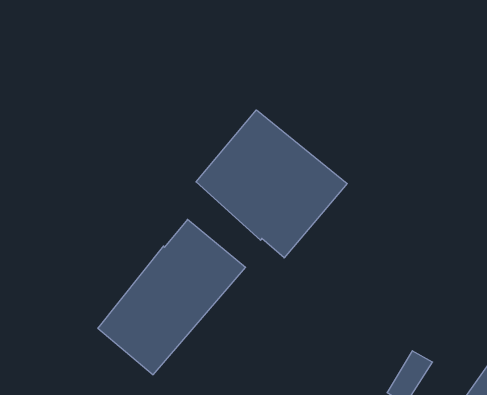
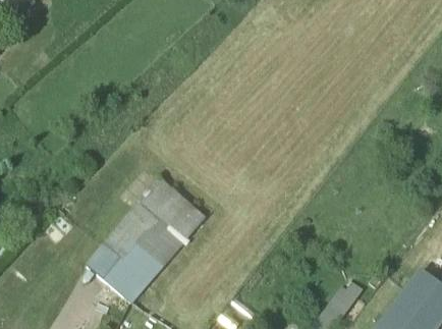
building: [196,110,347,258] -> none

